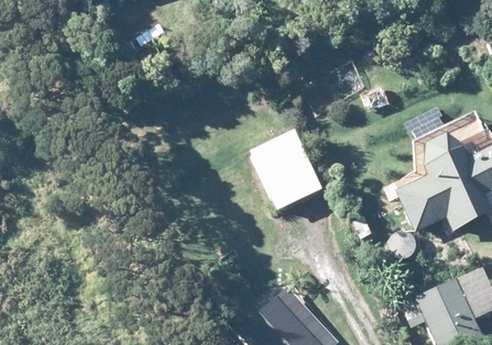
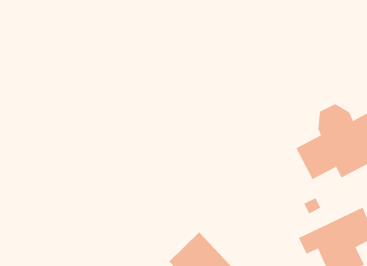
building: [249,123,324,207] -> none

